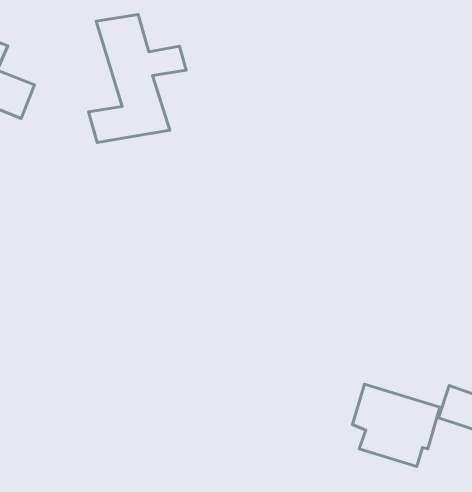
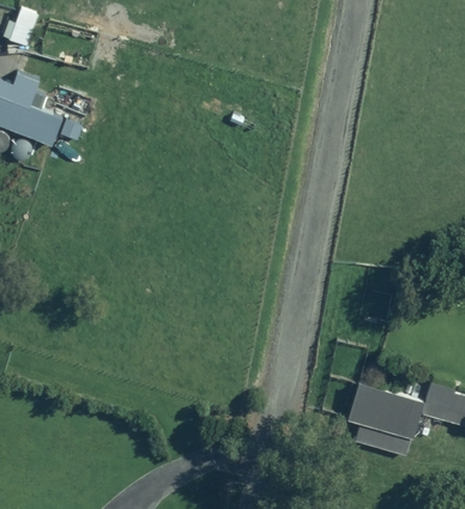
building: [88,15,186,142] -> none

